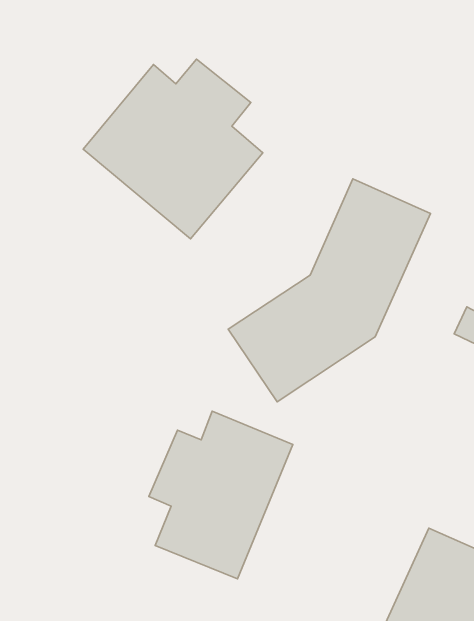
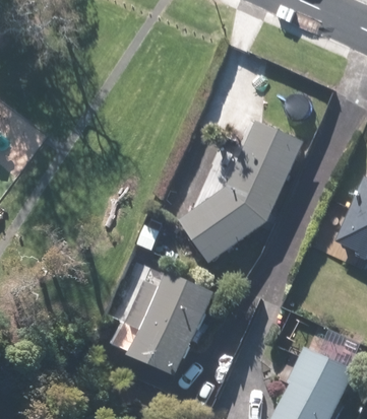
building: [83,59,263,239] -> none

